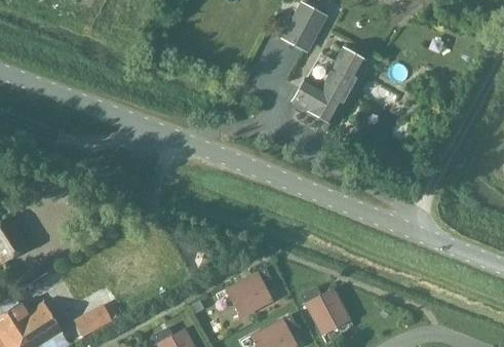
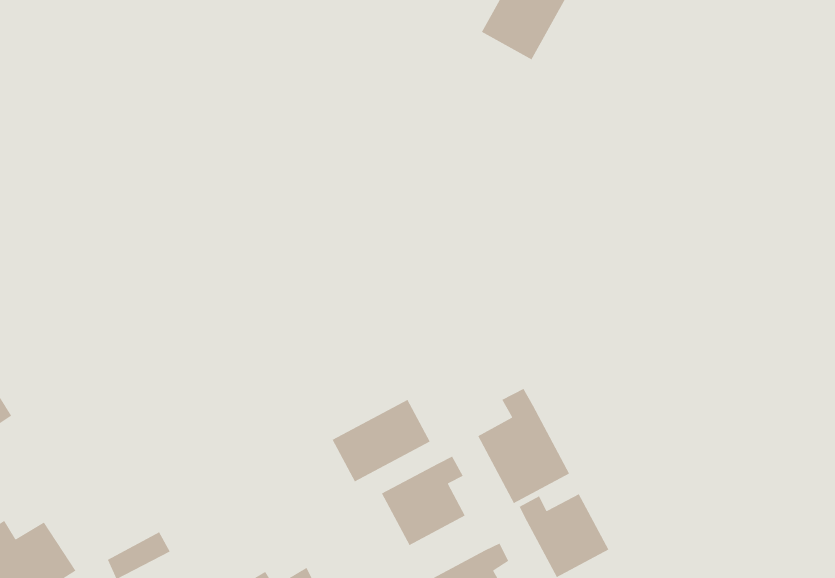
building: [294,49,364,124] -> none
building: none -> [477,388,570,504]
building: none -> [332,399,431,482]

